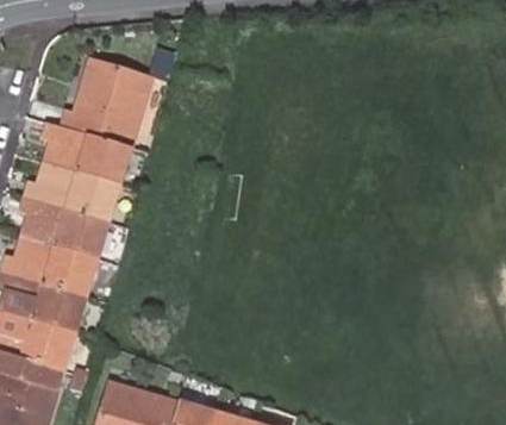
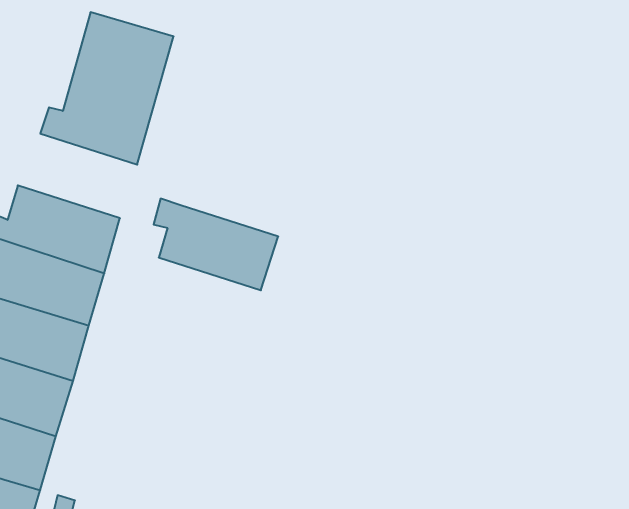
building: [40,124,126,187] -> [154,199,278,290]

